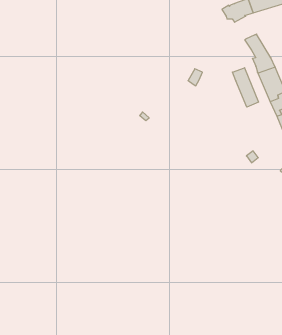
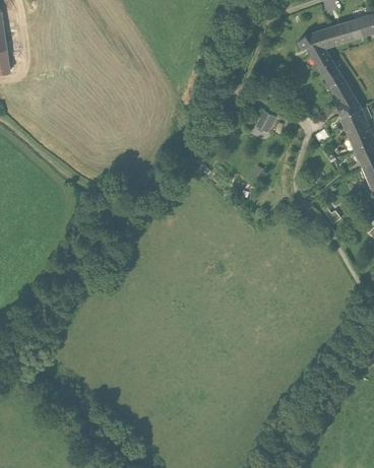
building: none -> [313,50,339,78]
building: [232,68,259,107] -> none

